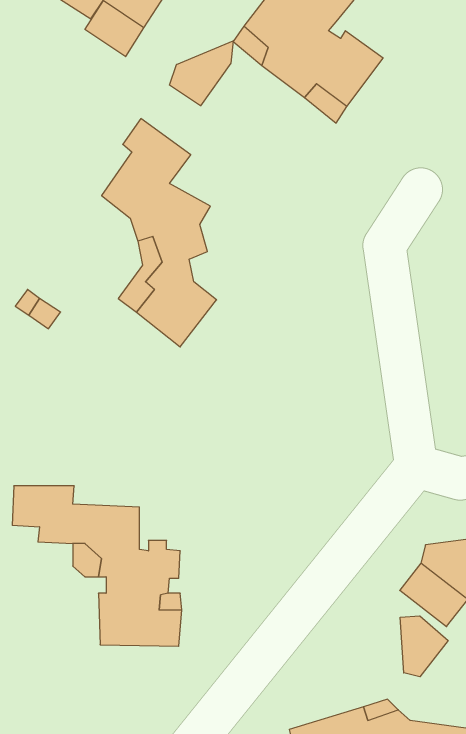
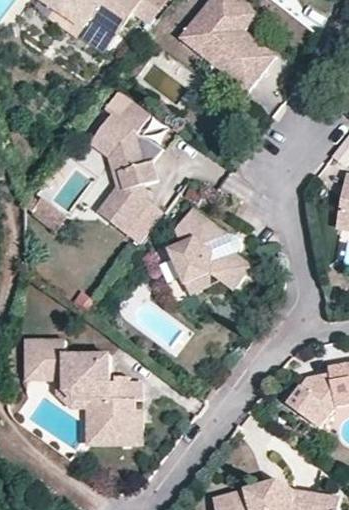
building: [170,41,233,106] -> none
building: none -> [170,210,248,290]
building: [400,616,448,677] -> none

